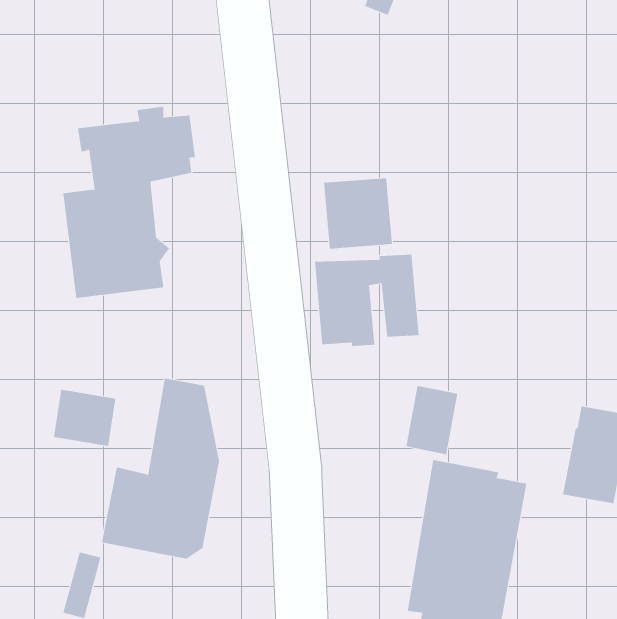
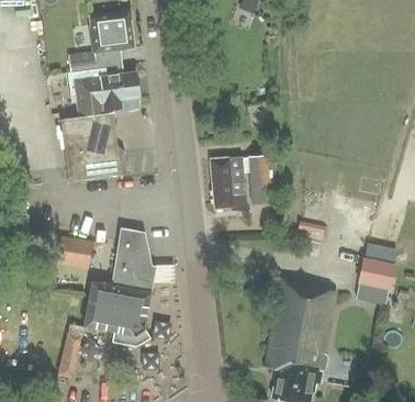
building: none -> [67,11,133,72]
building: [324,177,392,249] -> none
building: [406,385,458,455] -> none

